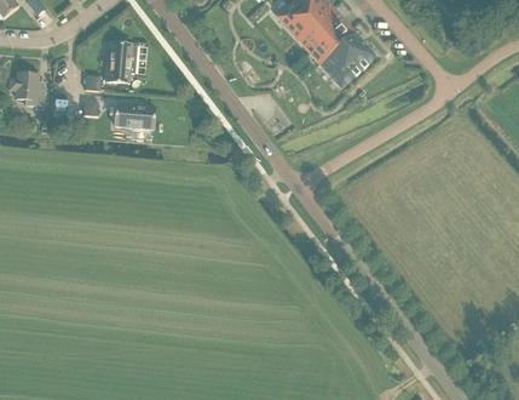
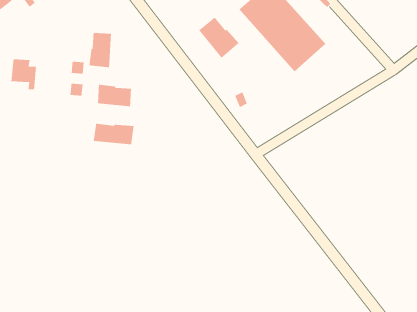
building: none -> [198,17,240,59]
building: none -> [93,123,135,145]

